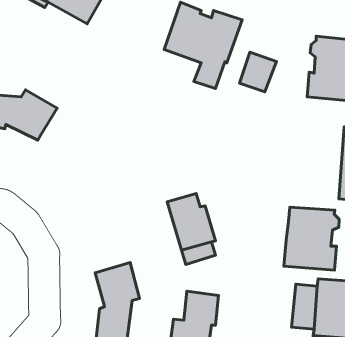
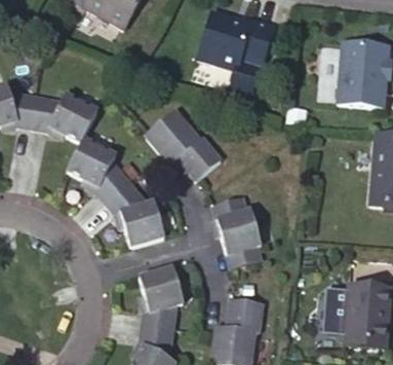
building: [239,52,277,92] -> none
building: none -> [139,108,214,178]
building: none -> [63,139,160,248]
building: [284,207,339,270] -> none

